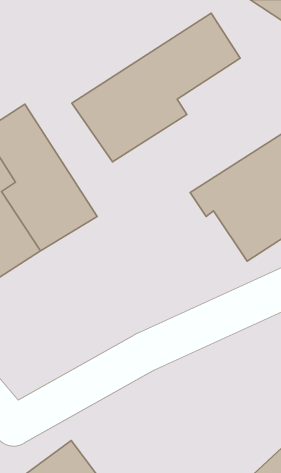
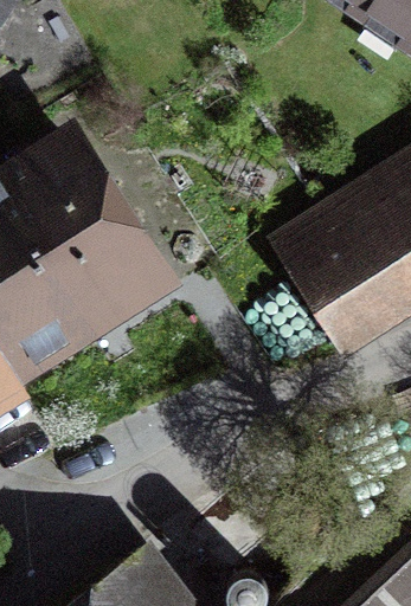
building: [72,13,240,162] -> none

